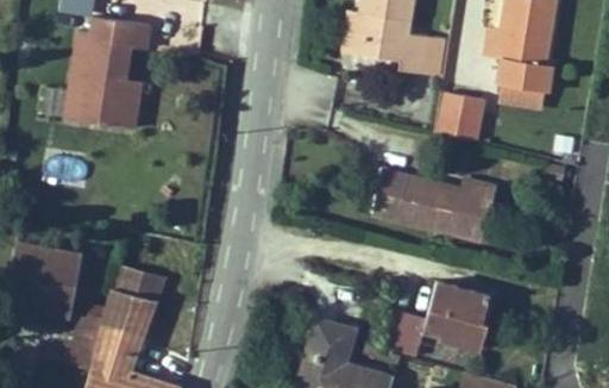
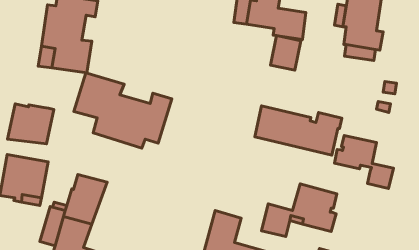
building: [440,93,483,142] -> [271,36,301,70]
building: none -> [74,73,172,148]
building: none -> [7,104,54,144]
building: none -> [335,135,393,189]

